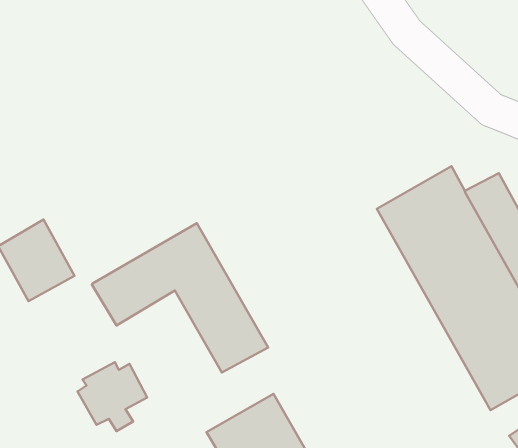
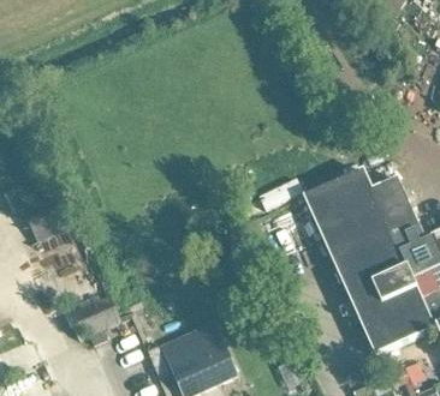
building: [92,223,268,373] -> none

